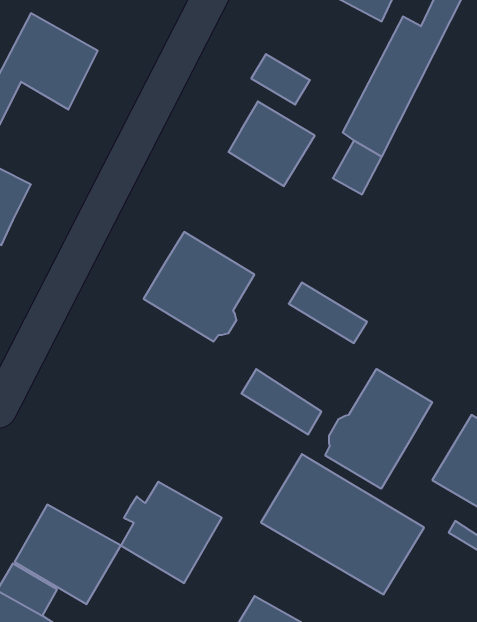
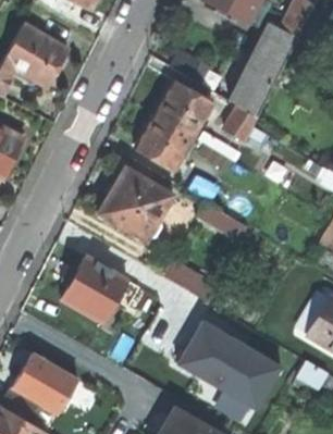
building: none -> [135,114,193,171]
building: [325,369,432,489] -> none
building: [121,482,222,583] -> [61,257,128,324]

